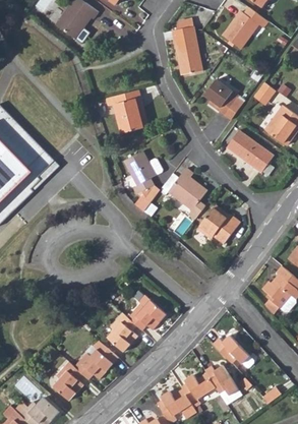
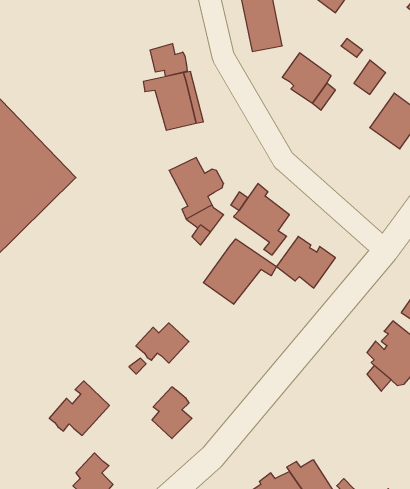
building: none -> [150,44,187,76]
building: [226,130,274,175] -> none
building: none -> [203,239,277,304]
building: [128,301,166,329] -> [136,323,189,363]
building: [214,336,255,369] -> none
building: [75,341,118,379] -> [49,381,109,435]

